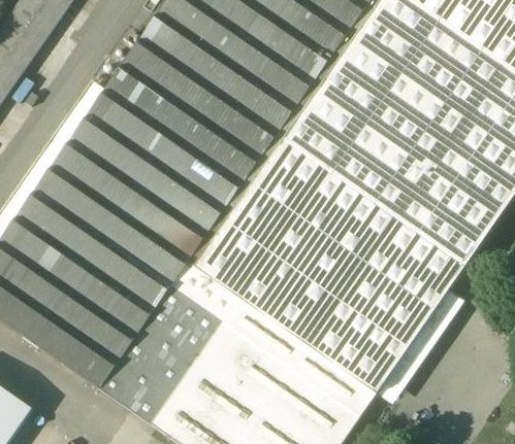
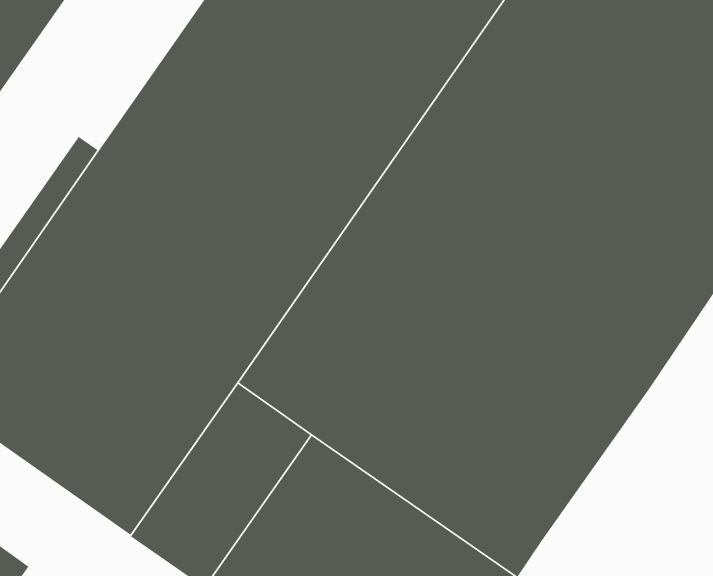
building: [378,289,465,403] -> none

